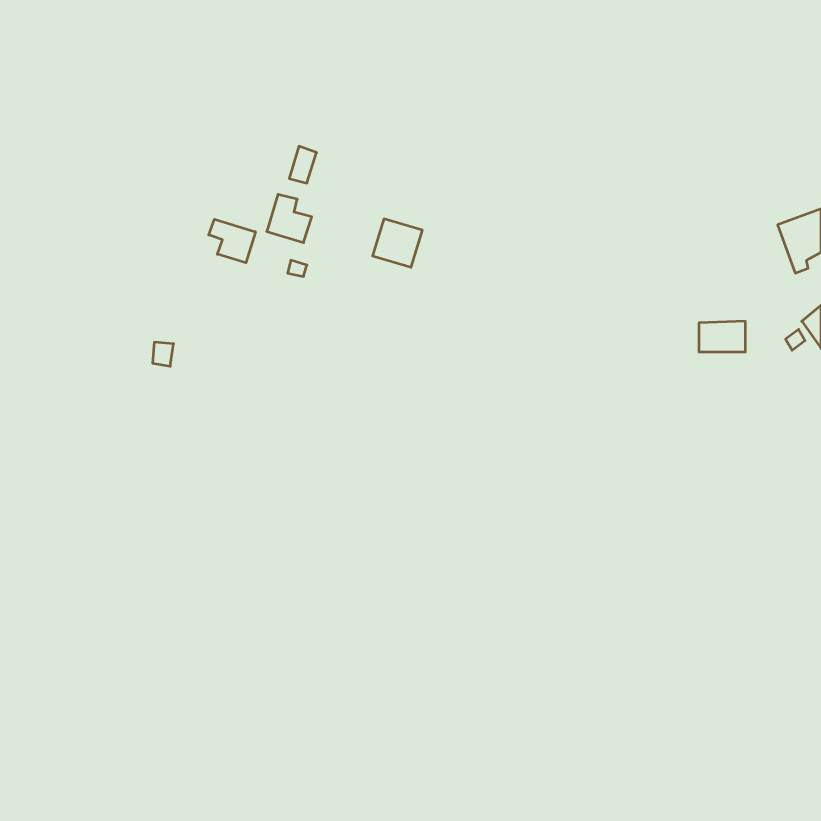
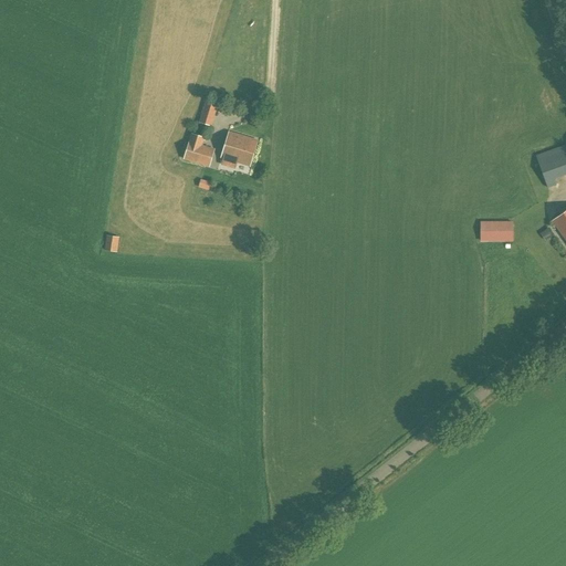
building: [373,219,422,267] -> [222,133,256,166]
building: [209,219,255,263] -> none

